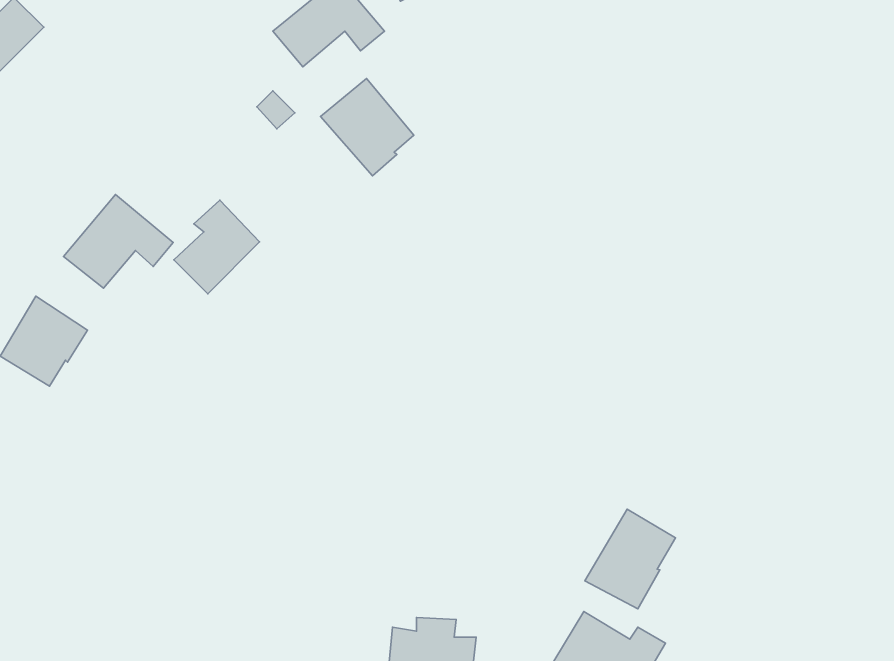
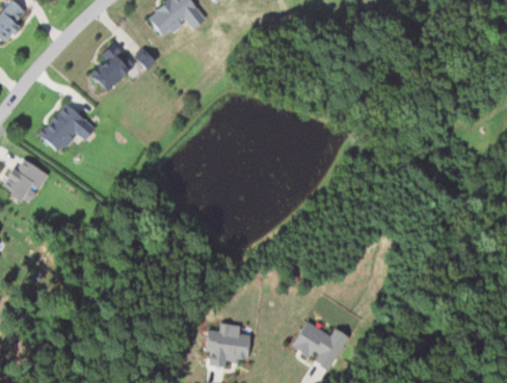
building: [321,78,414,176] -> none
building: [174,200,260,294] -> [88,43,133,91]
building: [585,509,676,609] -> none

